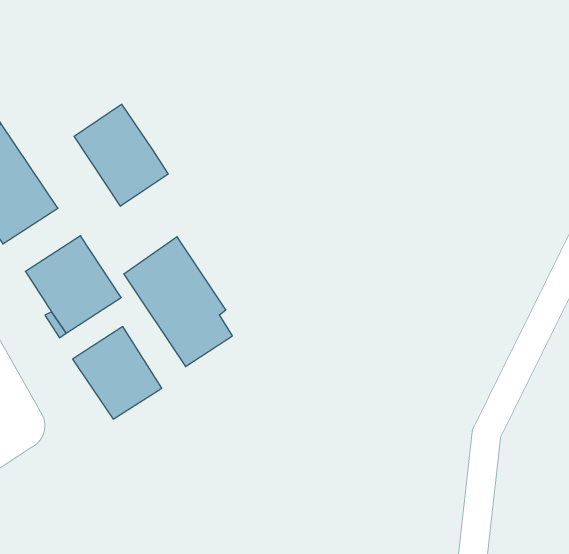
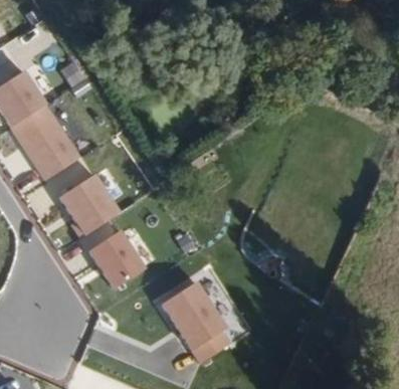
building: [74,104,168,206] -> none
building: [124,237,232,367] -> [163,277,230,358]

